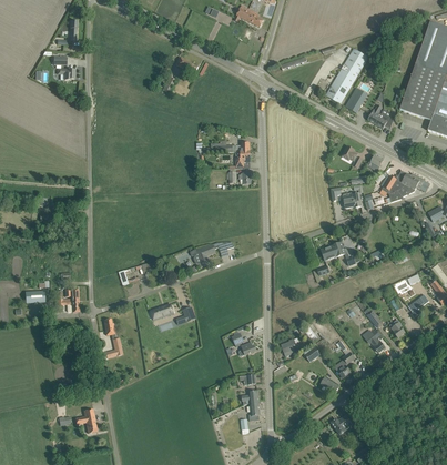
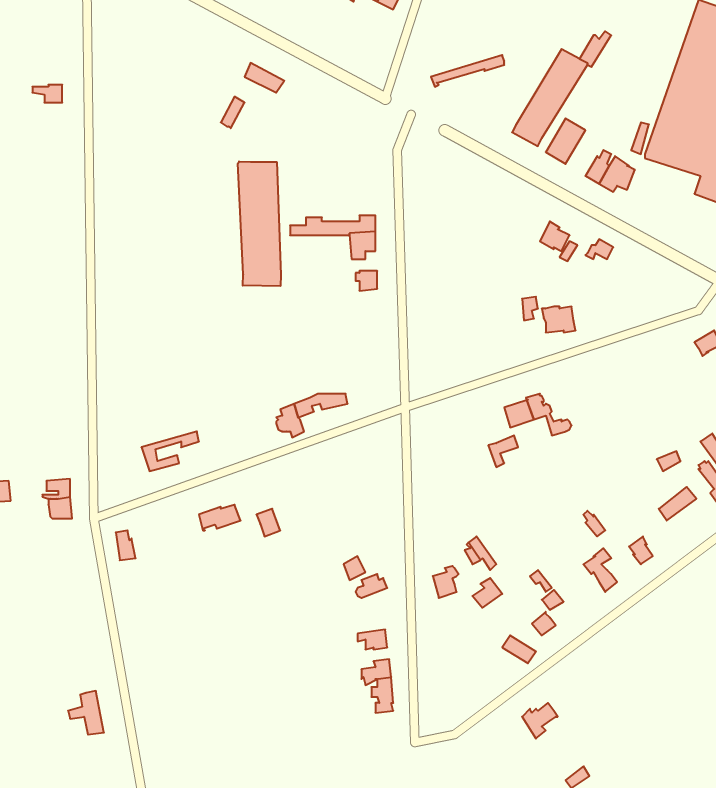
building: none -> [238,161,281,286]
building: [382,170,419,202] -> none

